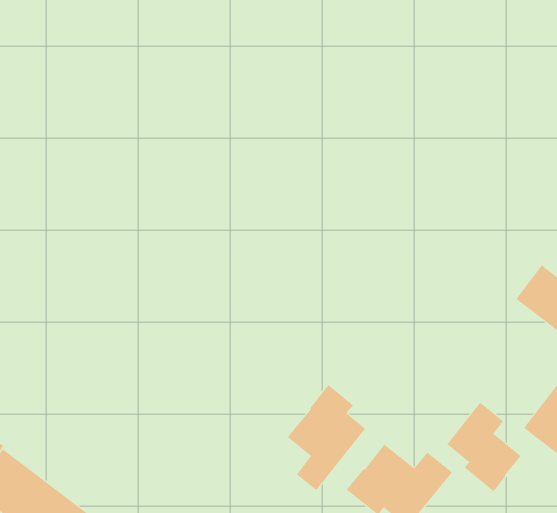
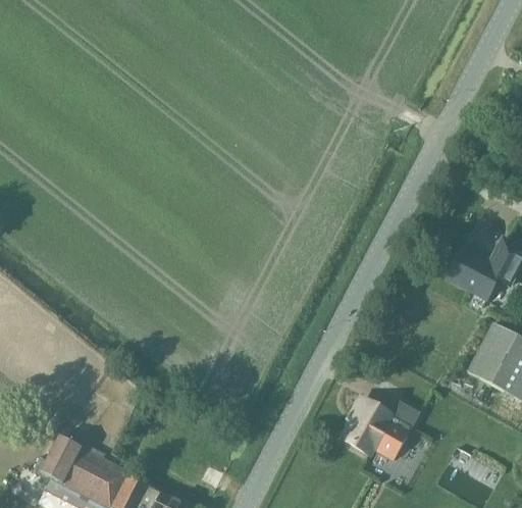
building: [287,384,366,491] -> none
building: [447,402,522,492] -> none

